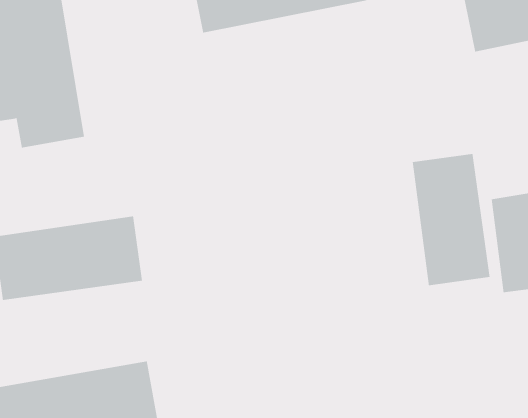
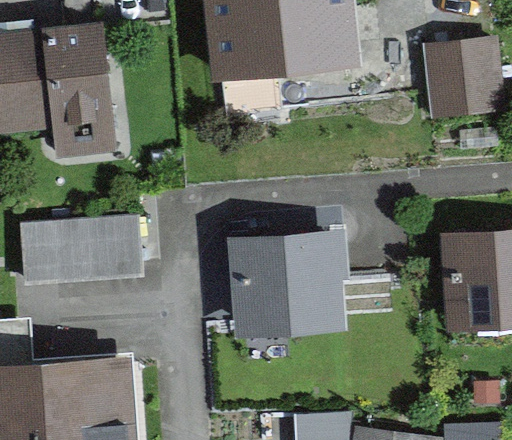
building: [412,153,490,286] -> none
building: none -> [222,240,343,336]

